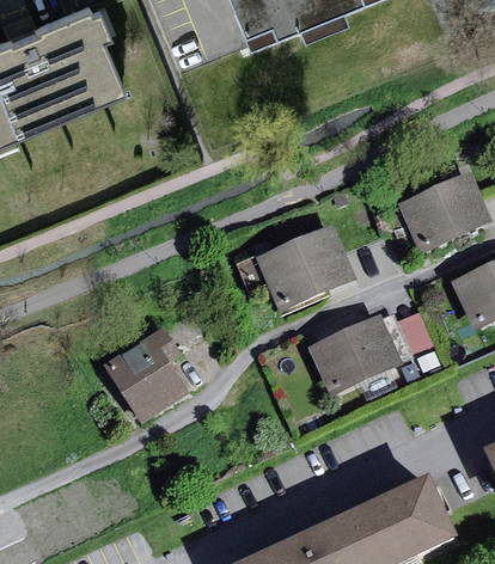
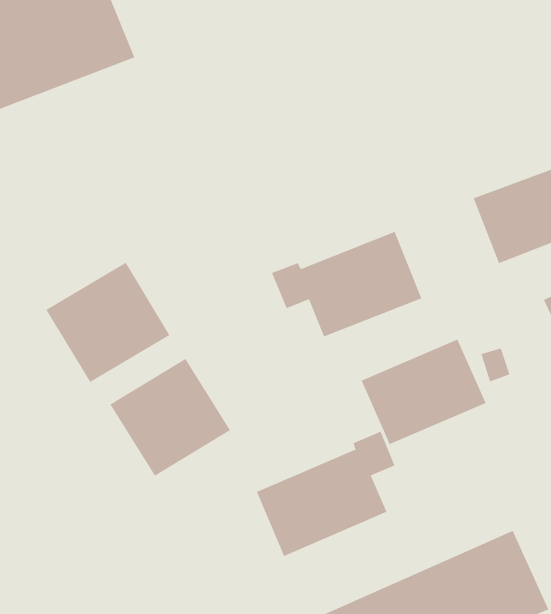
building: none -> [45,262,170,383]
building: none -> [256,431,395,557]

